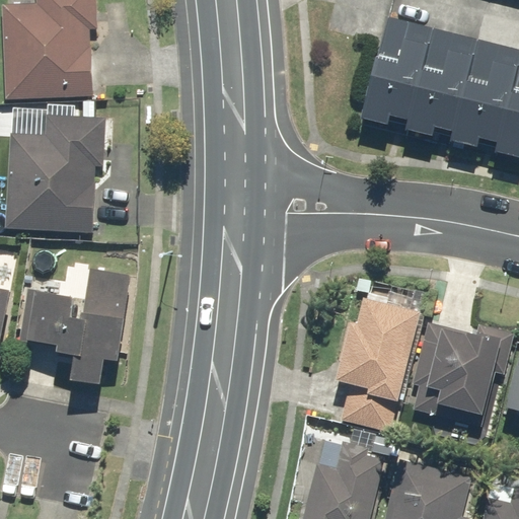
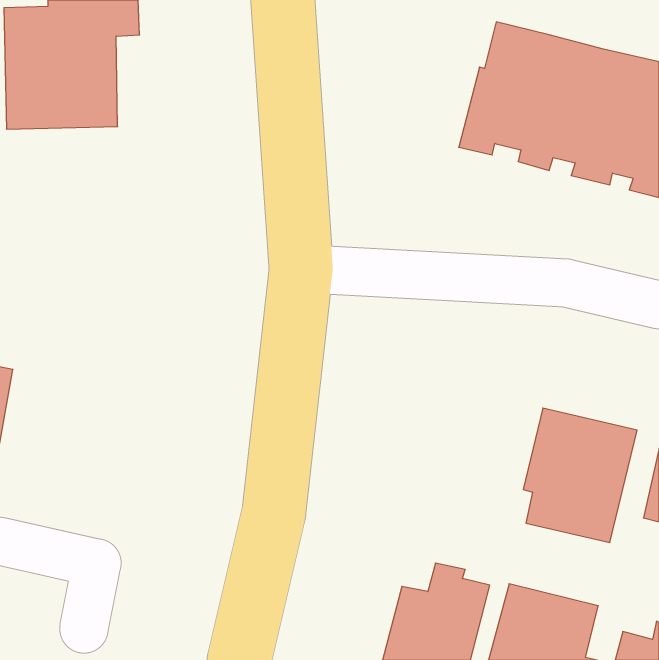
building: [6,101,105,234] -> none
building: [20,271,130,386] -> none
building: [333,295,418,431] -> none

